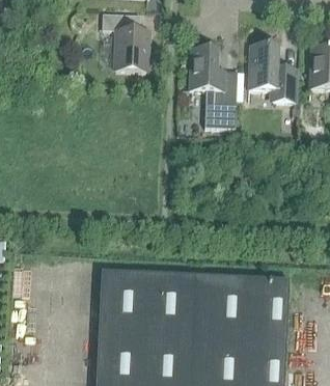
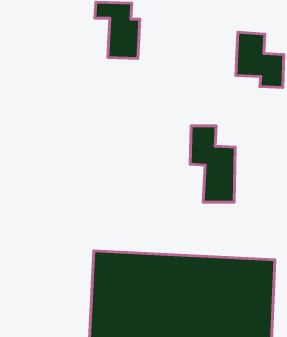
building: [190,50,237,129] -> [190,126,235,202]

